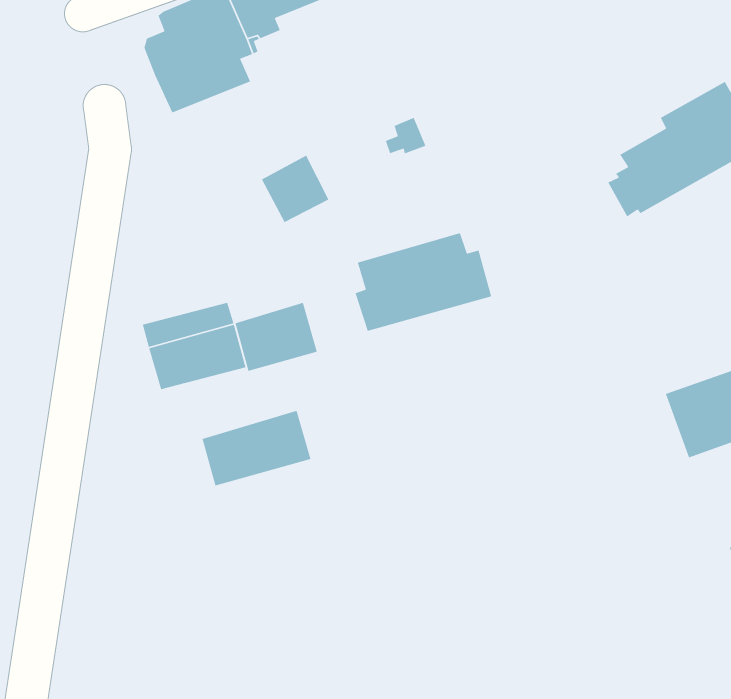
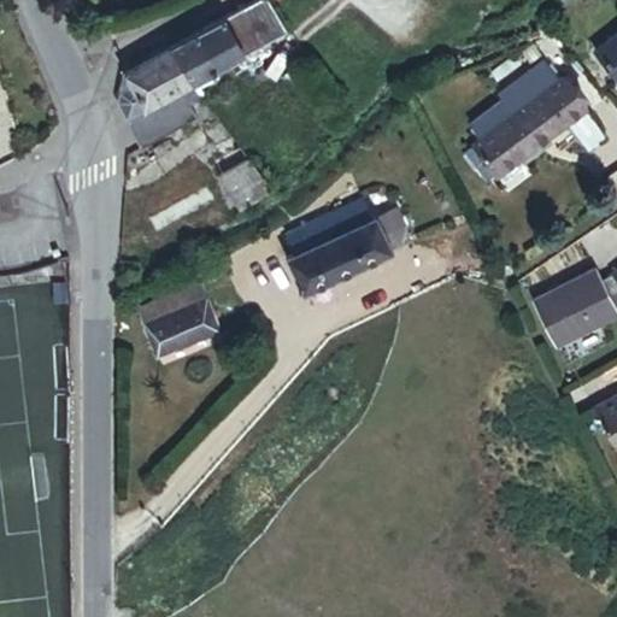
building: [234,302,318,372] -> none
building: [202,410,311,486] -> none

